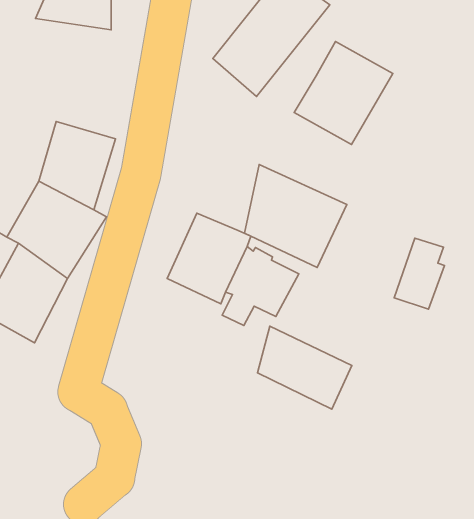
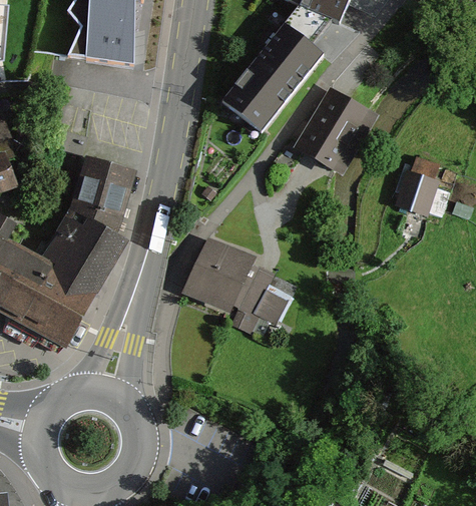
building: [244,164,347,268] -> none
building: [394,238,445,309] -> [397,154,441,216]
building: [258,326,352,409] -> none

